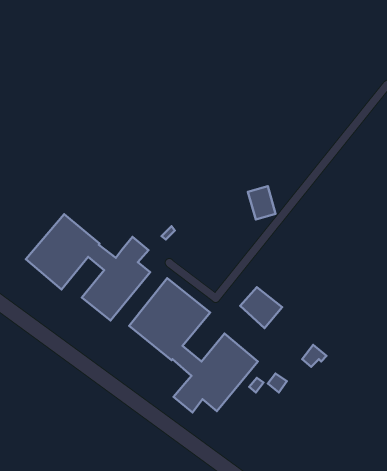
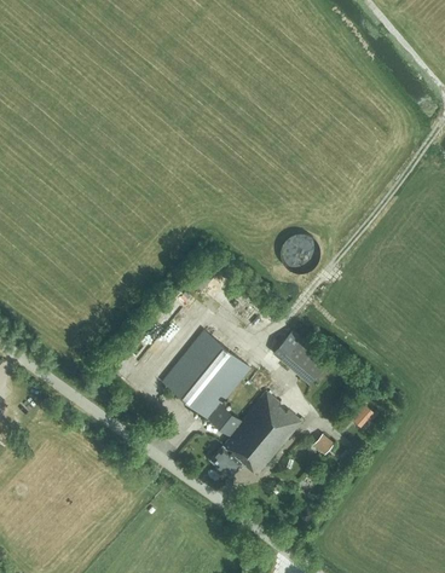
building: [26,214,150,320] -> none

